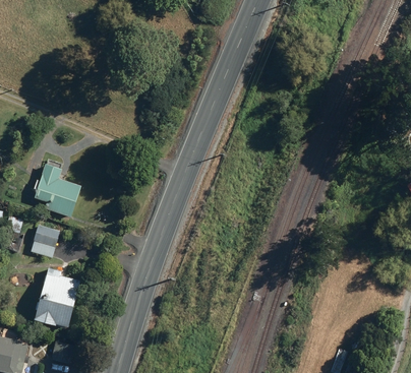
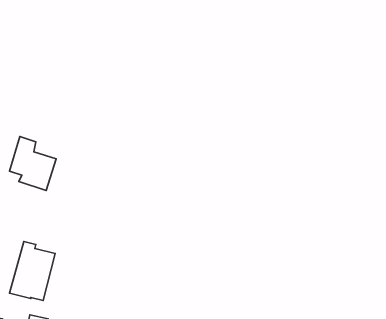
building: [28,224,59,258] -> none

